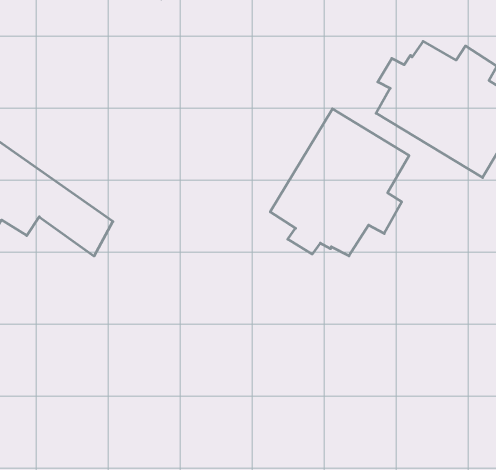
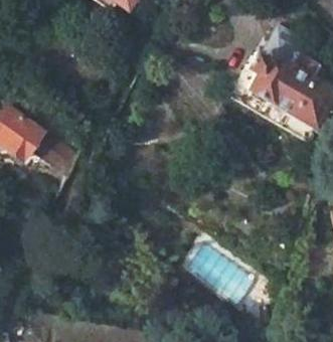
building: [270,109,409,256] -> none

